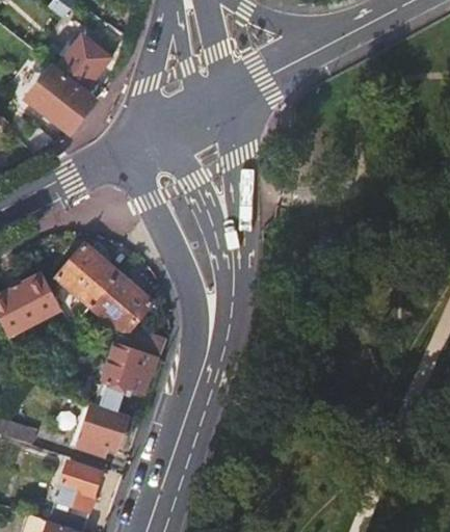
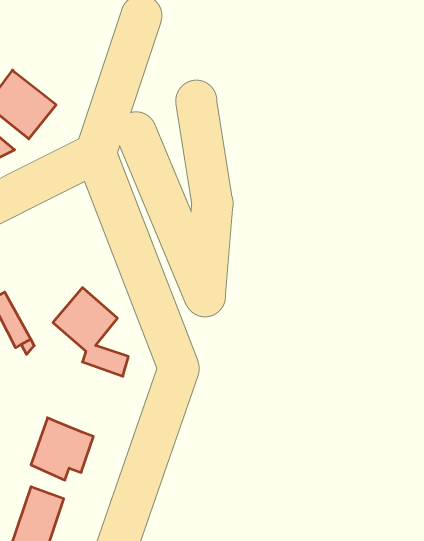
building: [54,33,109,91] -> none
building: [58,244,118,307] -> none
building: [85,342,157,410] -> none

